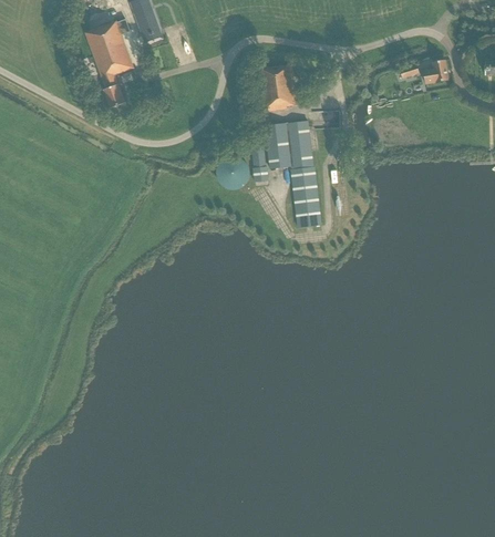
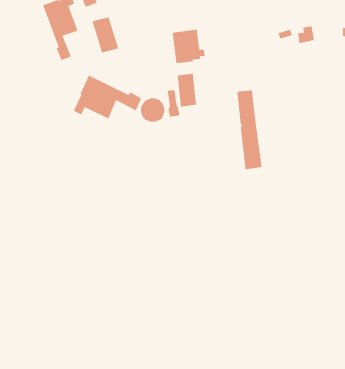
building: none -> [91,16,119,54]
building: [287,120,321,227] -> [237,89,262,170]
building: none -> [73,74,142,120]

